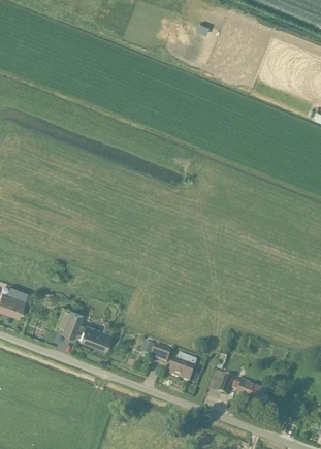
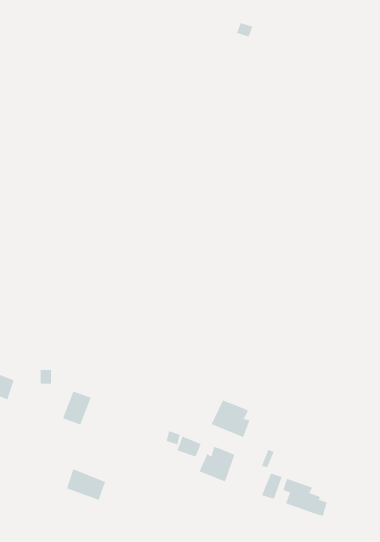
building: none -> [211,400,250,438]
building: [79,323,110,348] -> [66,469,106,500]

